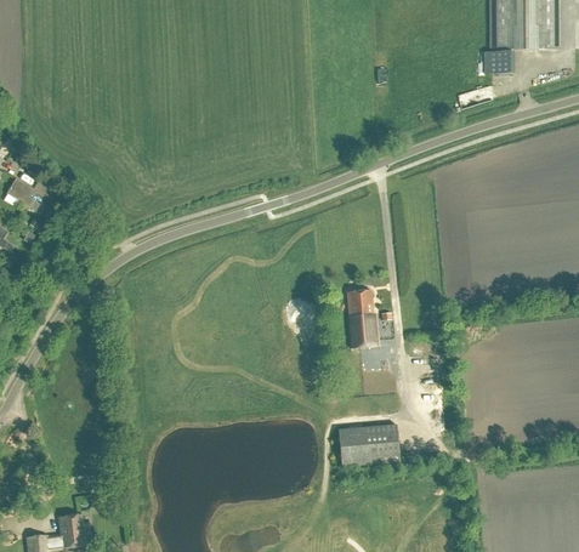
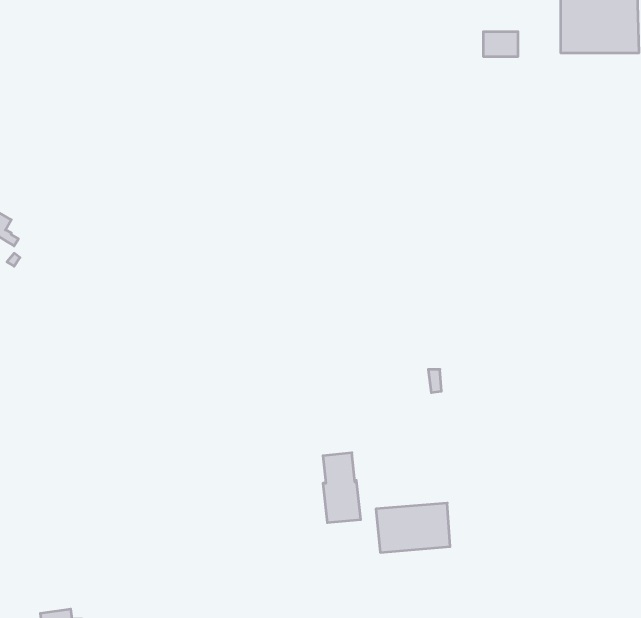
building: [484,51,513,72] -> [483,32,518,56]
building: [347,289,379,347] -> [323,453,361,523]

